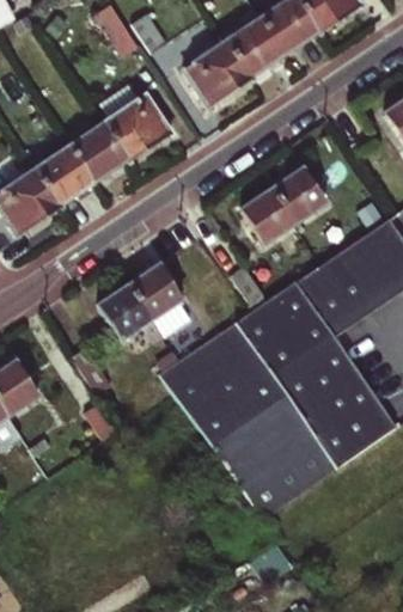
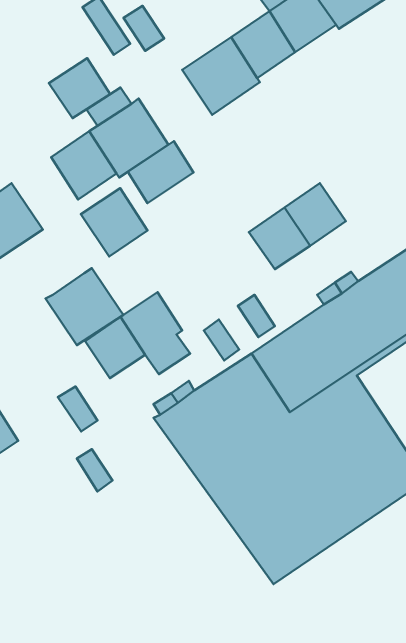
building: none -> [49,58,110,118]
building: none -> [128,141,193,203]
building: [33,145,92,204] -> [81,188,148,256]
building: none -> [45,268,123,345]

